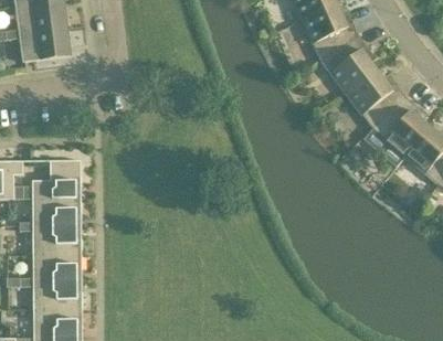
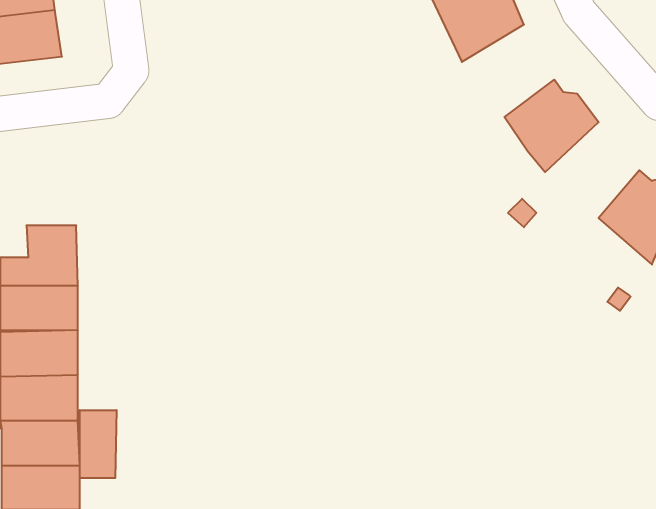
building: [319,35,377,93] -> none
building: [371,96,430,156] -> none
building: none -> [80,410,117,478]

